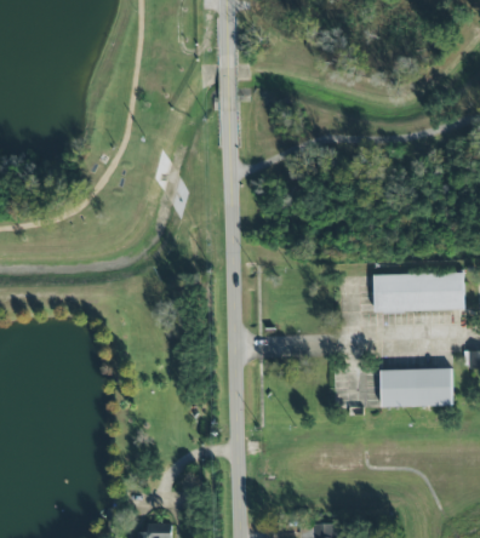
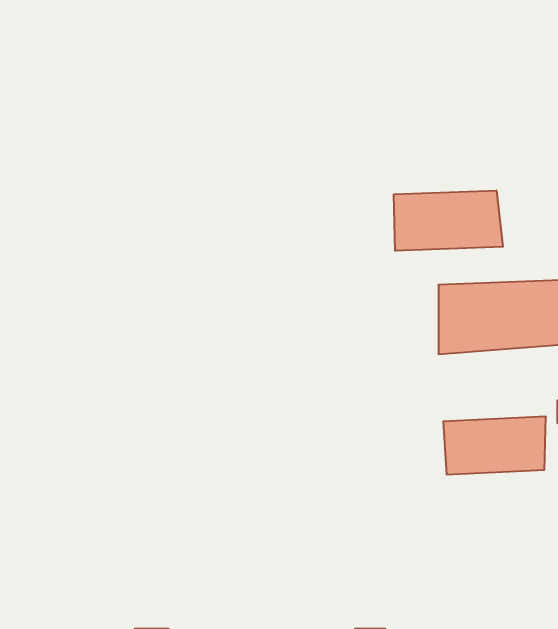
building: none -> [394,190,503,251]

